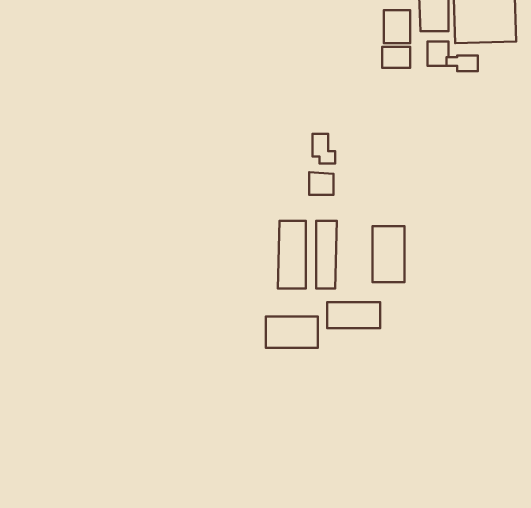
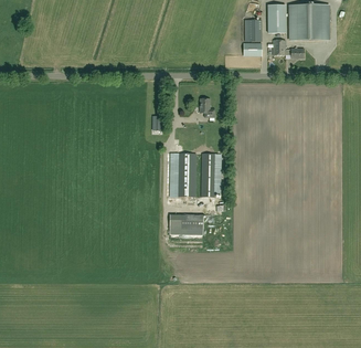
building: [373,226,404,282] -> none
building: [327,302,380,328] -> none

